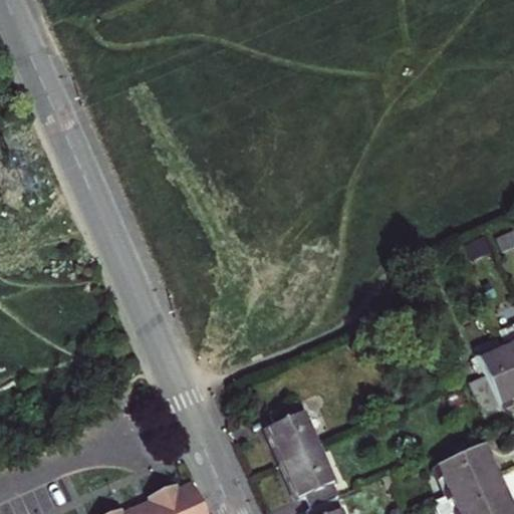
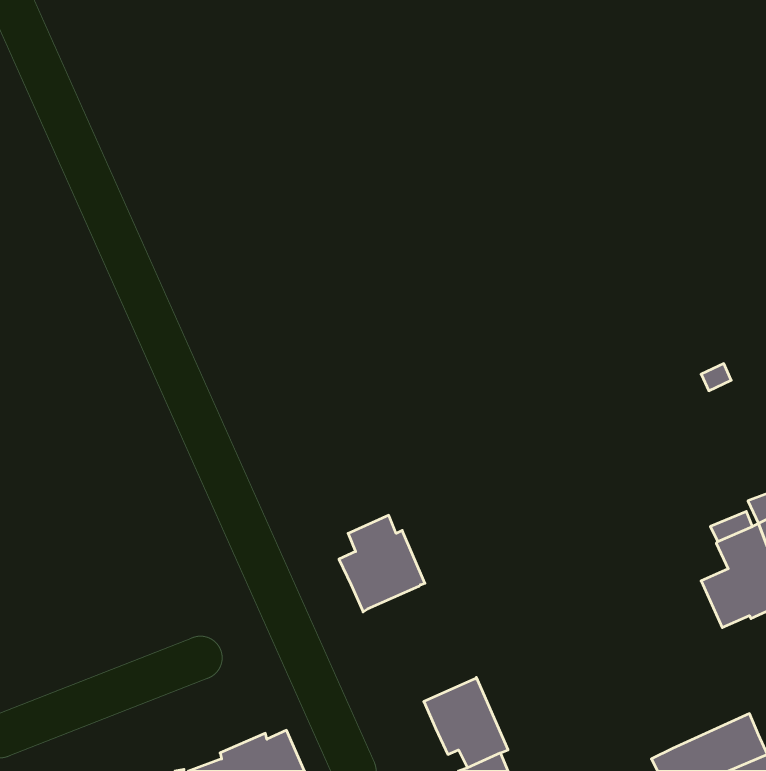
building: [266,405,323,469] -> [339,515,425,612]
building: [439,447,502,498] -> none

